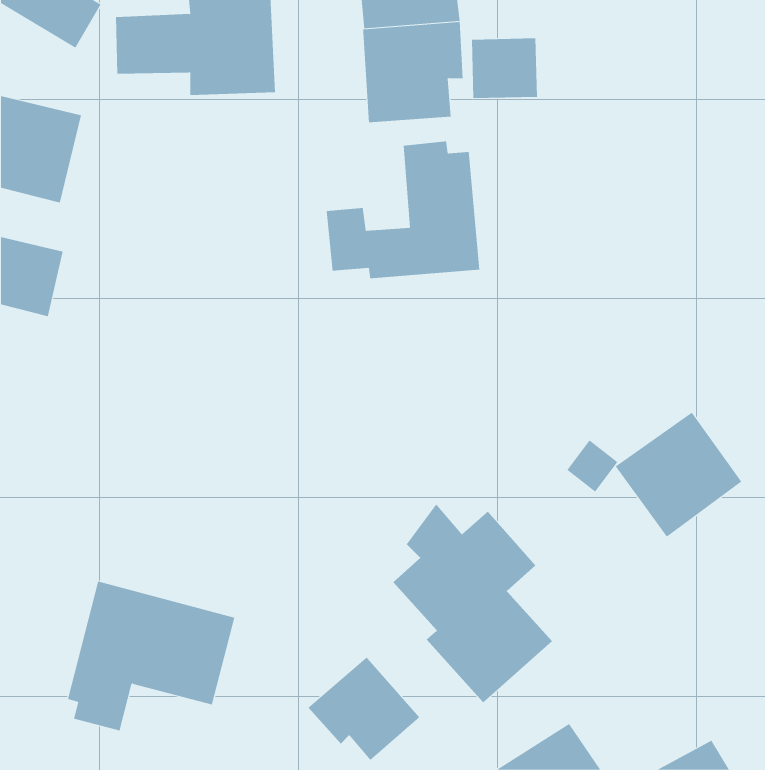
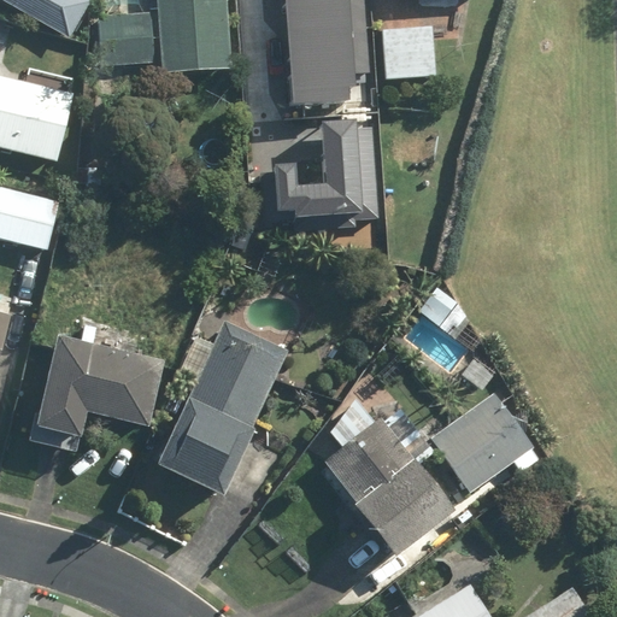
building: none -> [148,319,288,499]
building: [615,412,742,538] -> [430,394,531,494]
building: [67,581,235,731] -> [33,334,166,453]
building: [307,656,420,761] -> none

